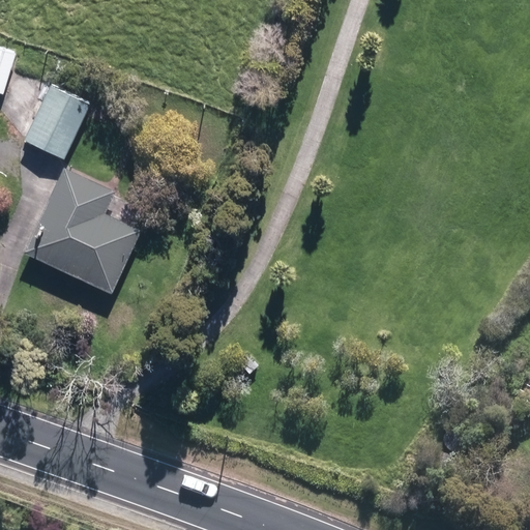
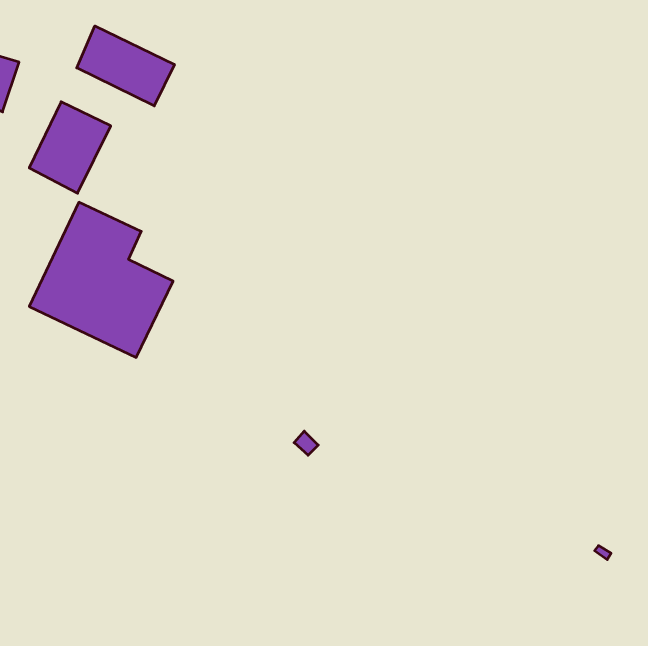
building: none -> [77,26,174,106]

